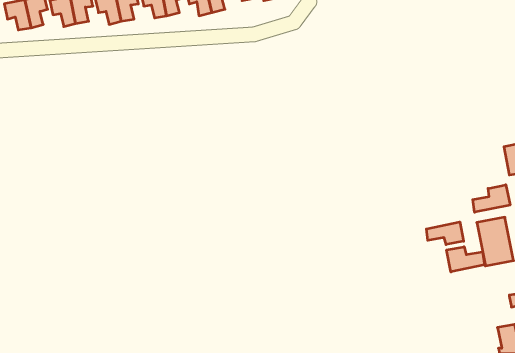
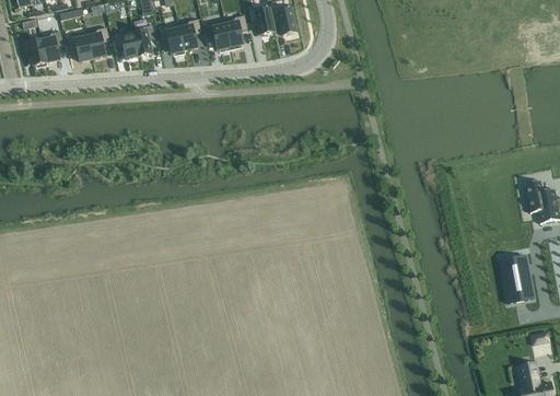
building: [473,185,510,212] -> none
building: [426,222,464,245] -> none
building: [447,247,484,272] -> none

